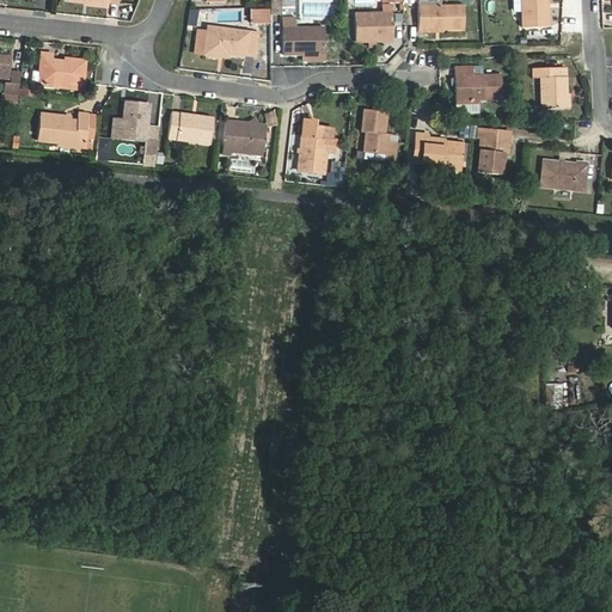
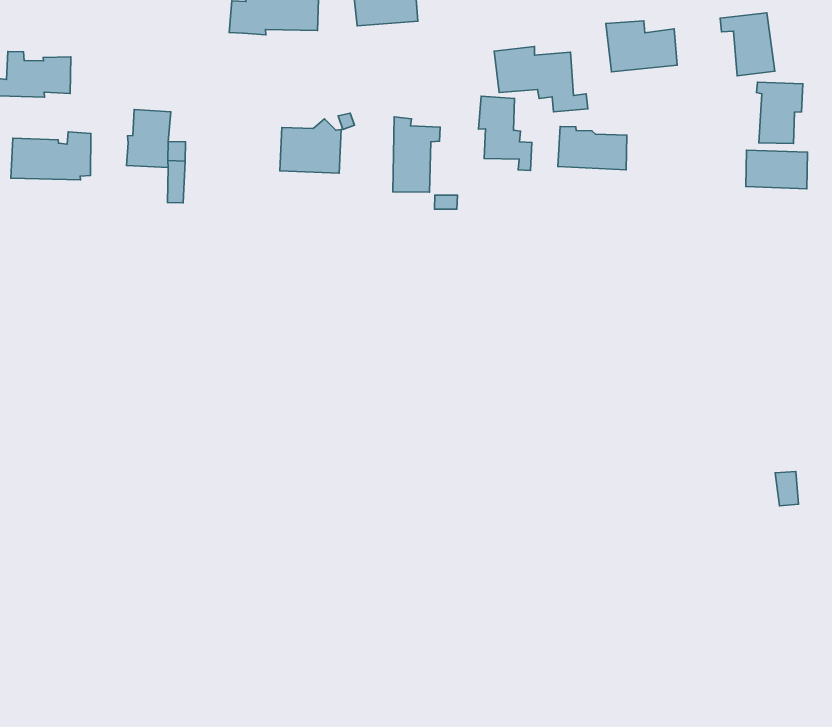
building: none -> [494,46,588,112]
building: [169,111,214,143] -> none
building: [477,129,510,173] -> [756,82,803,144]

